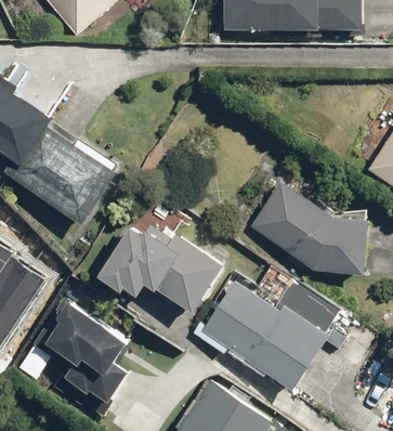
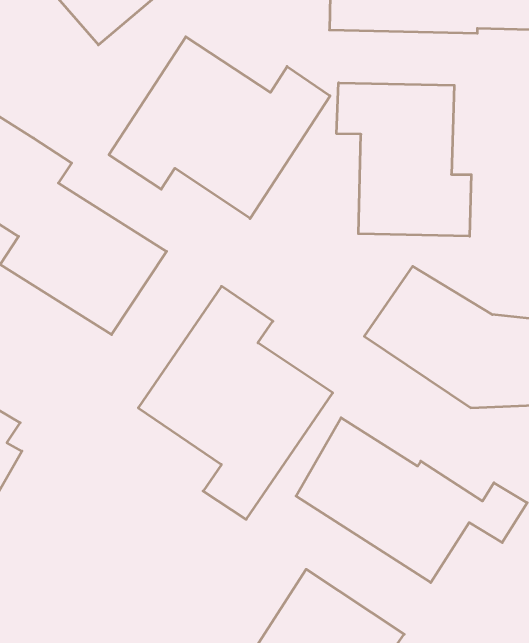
building: none -> [109,37,330,219]
building: none -> [337,83,471,236]
building: [47,299,133,404] -> none

